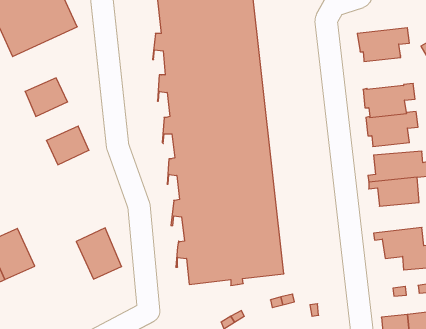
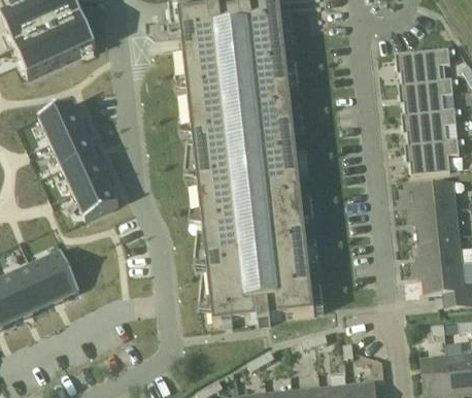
building: none -> [398,77,453,113]
building: none -> [52,127,97,168]
building: none -> [75,178,120,219]
building: none -> [412,234,464,267]
building: [76,228,122,279] -> [32,247,80,302]

